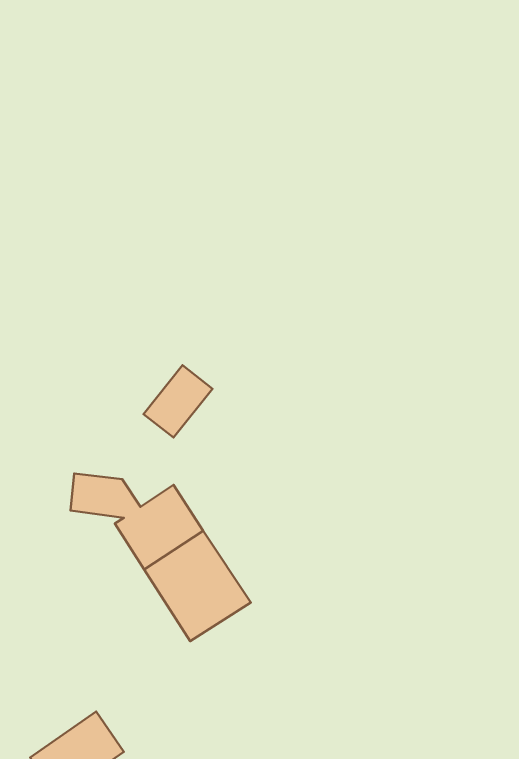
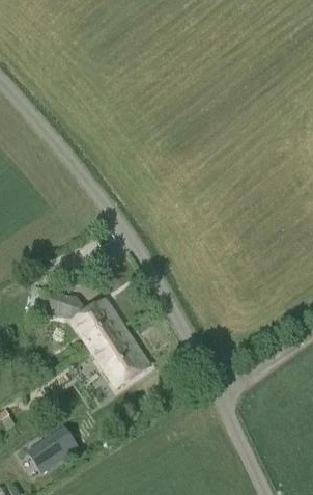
building: [144,365,212,438] -> none

